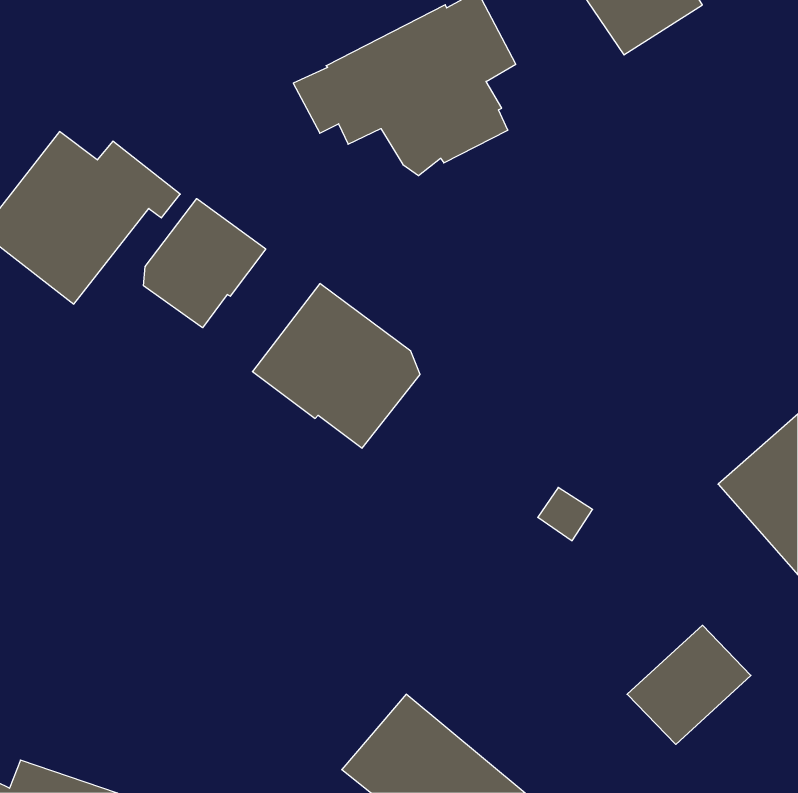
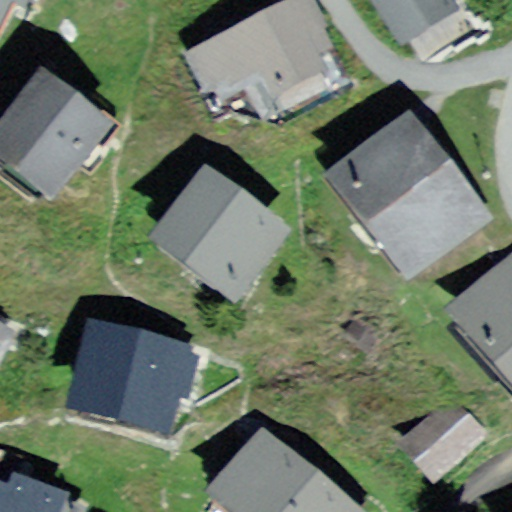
building: [144,199,266,328] -> none
building: none -> [339,127,472,265]
building: none -> [80,334,192,420]

